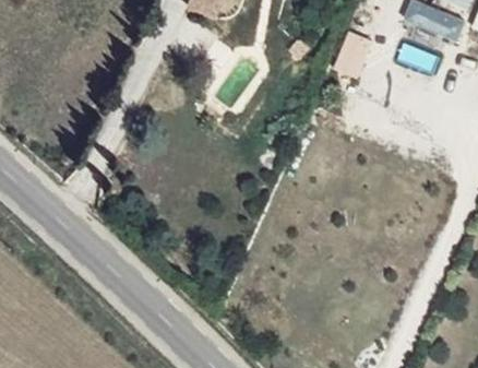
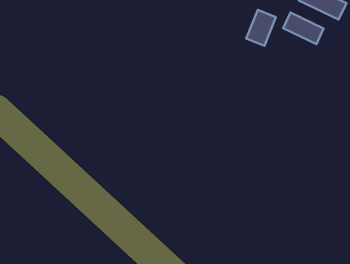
building: none -> [283,13,324,44]

